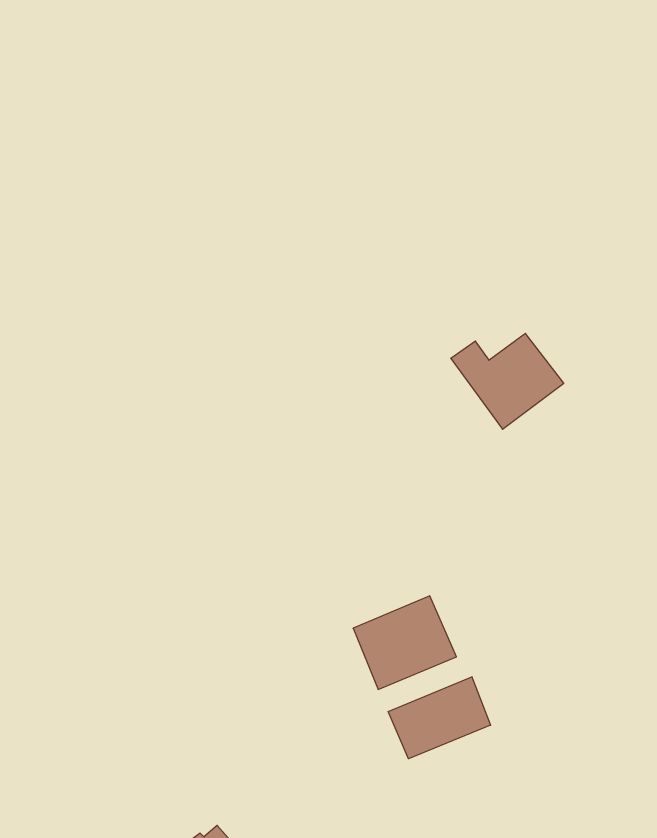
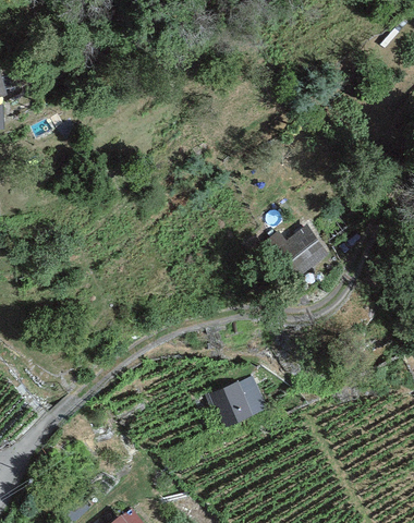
building: [388,677,491,759] -> none

